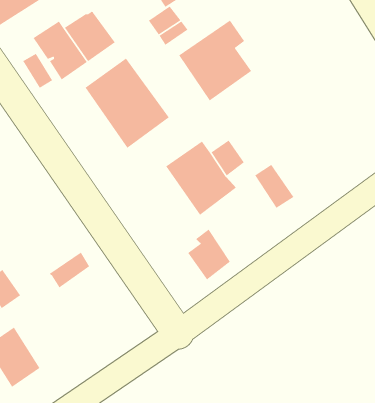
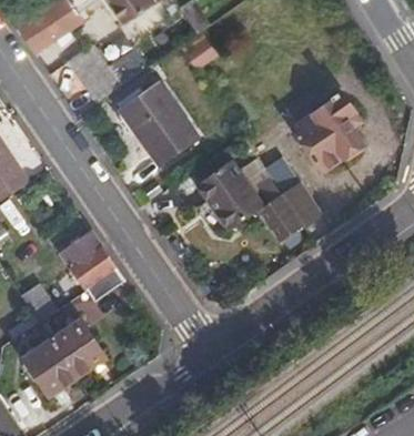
building: [178,19,252,101] -> [293,93,364,172]
building: none -> [61,231,115,287]
building: [187,228,231,280] -> [261,193,303,243]
building: none -> [51,318,107,378]

